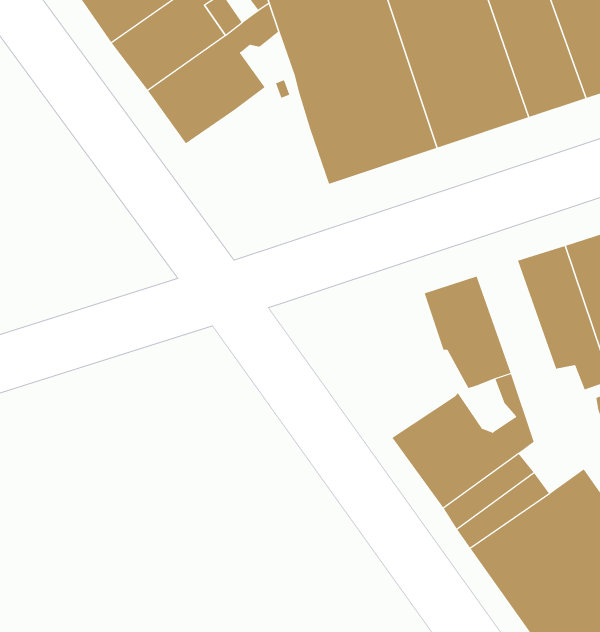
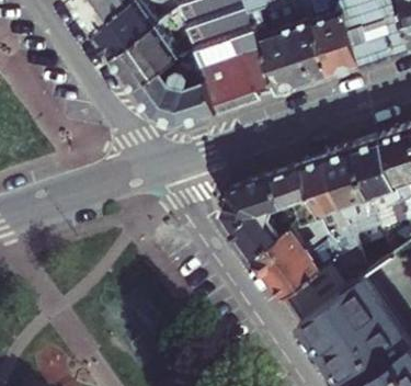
building: none -> [134,69,216,124]
building: none -> [301,156,355,260]
building: none -> [220,174,296,258]

